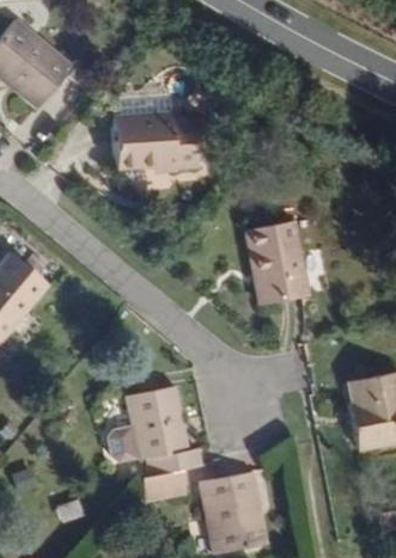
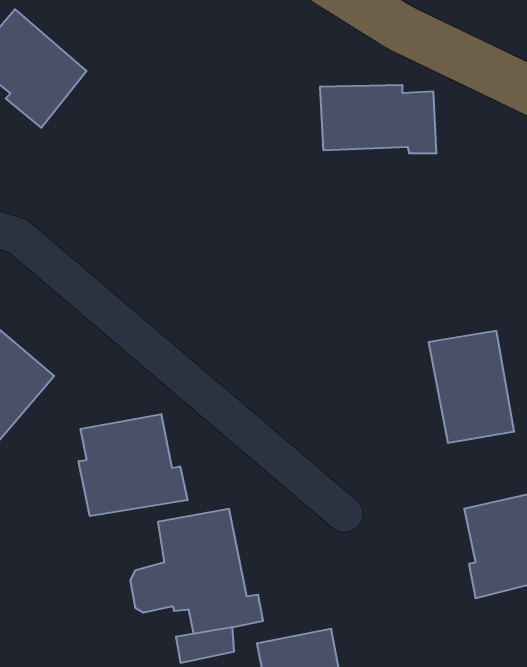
building: [109,114,195,164] -> [320,85,437,153]
building: [250,219,313,301] -> [428,331,514,443]
building: none -> [79,414,188,516]

